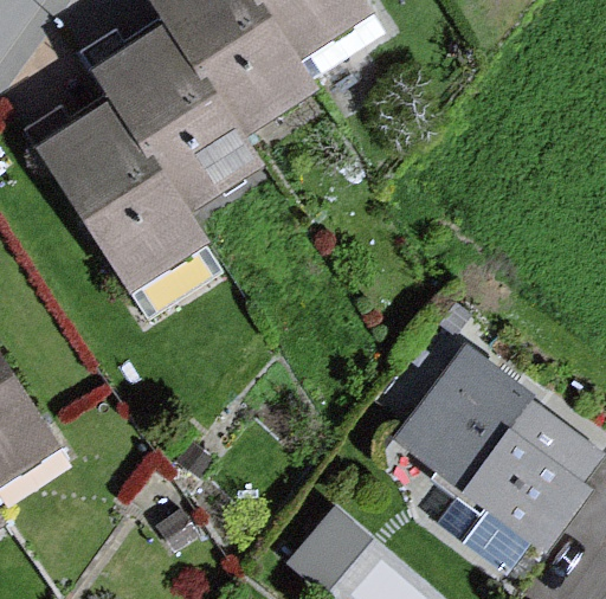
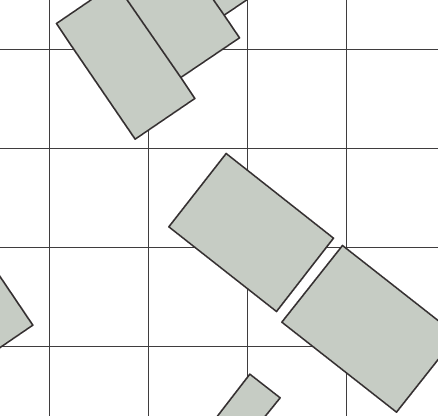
building: [37,92,211,288] -> none
building: none -> [169,154,334,311]

